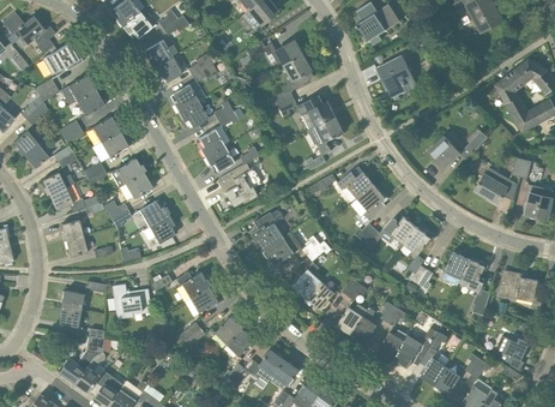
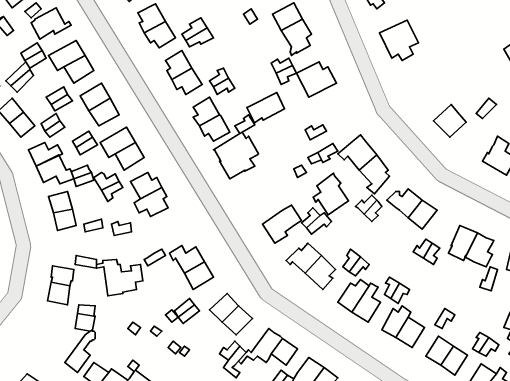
building: [307,115,343,144] -> [247,93,285,123]
building: [251,210,284,250] -> [313,173,348,215]
building: [60,349,101,382] -> none

